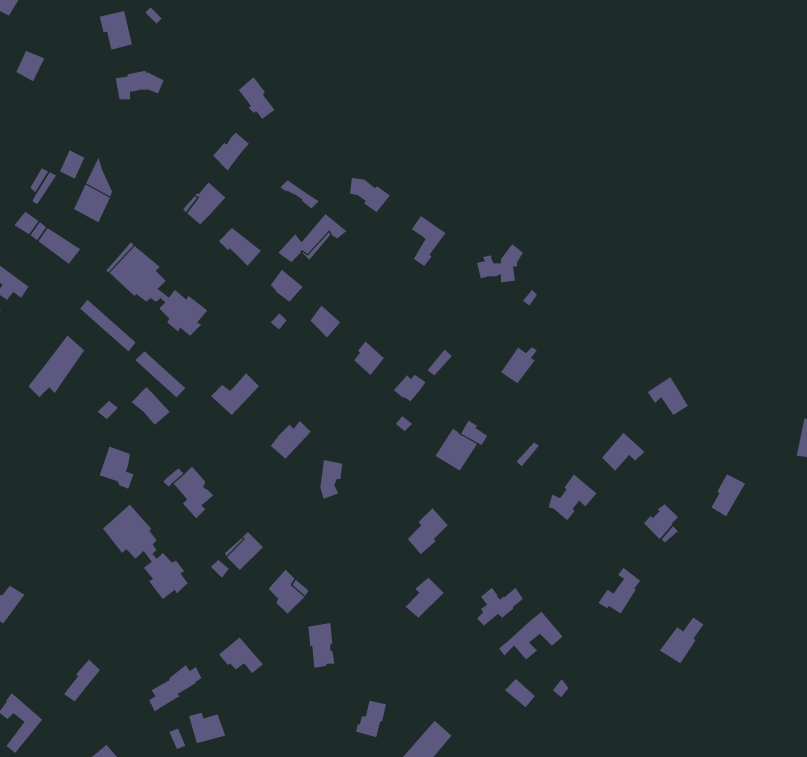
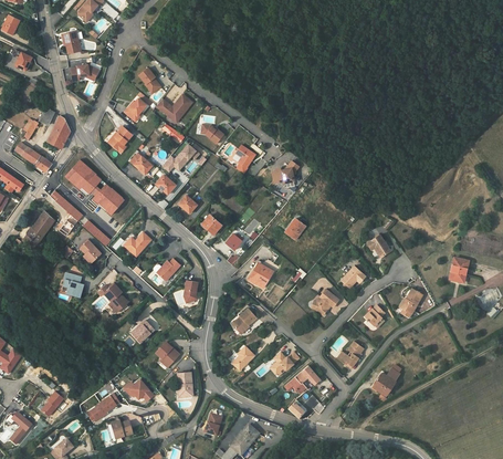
building: none -> [156,94,192,119]
building: [102,504,189,600] -> none

